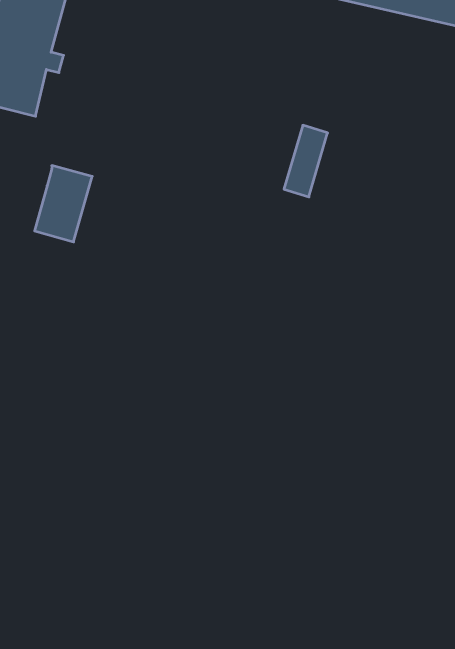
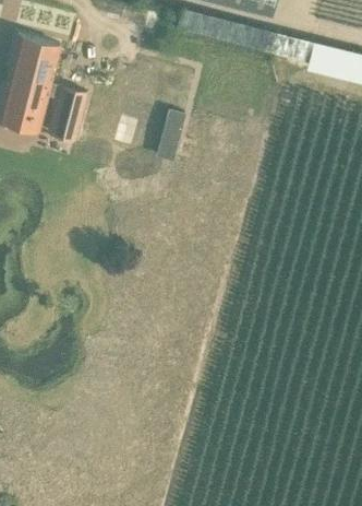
building: [284,125,328,197] -> [155,106,185,156]
building: [35,166,92,242] -> [47,83,87,137]

